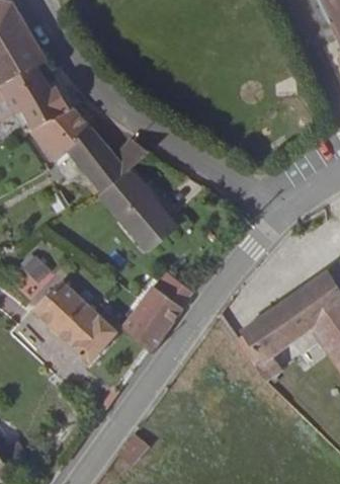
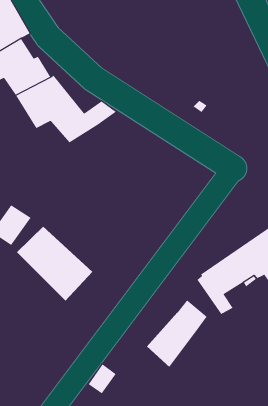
building: [91,163,166,238] -> none
building: [123,272,192,349] -> [146,300,207,368]

